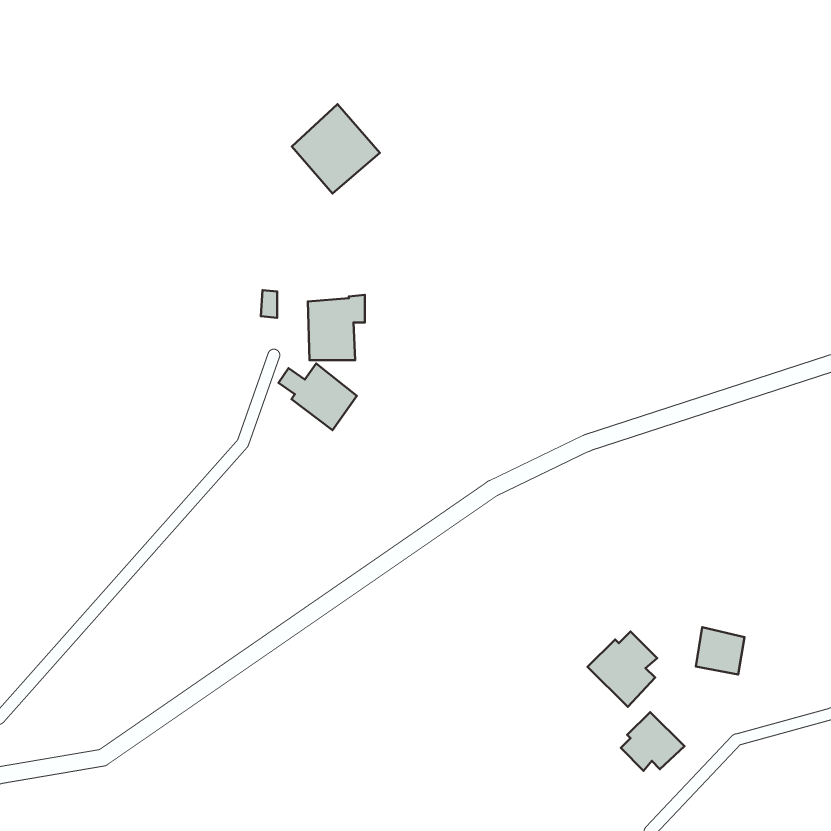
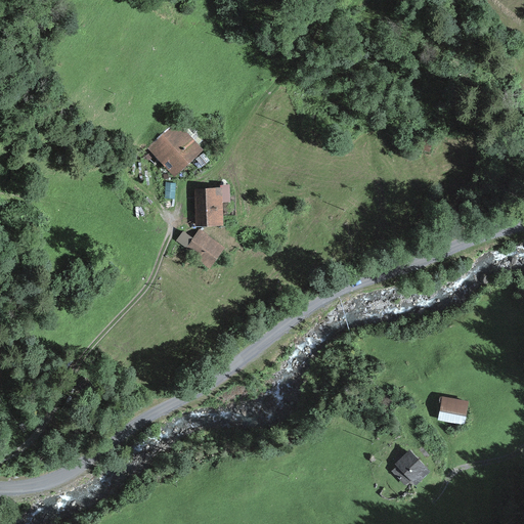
building: [292,104,380,194] -> [147,122,203,178]
building: [588,632,657,707] -> none

